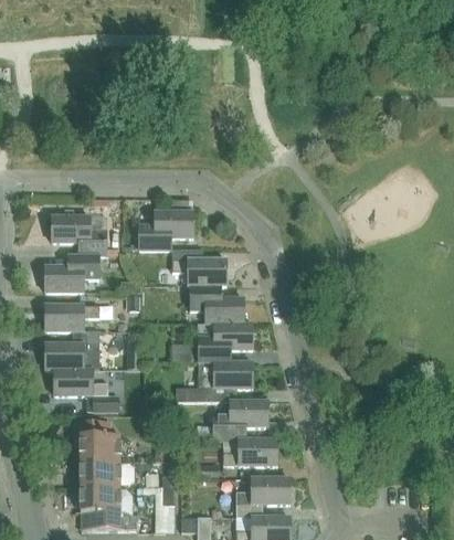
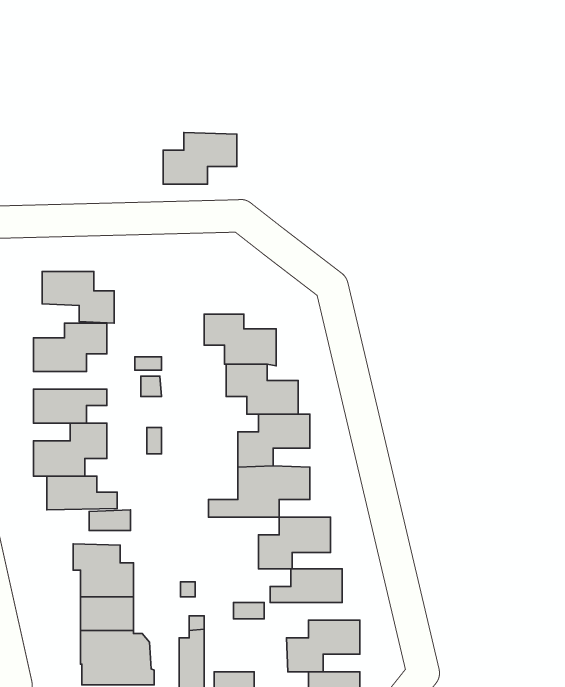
building: [137,211,192,250] -> [163,133,237,184]

